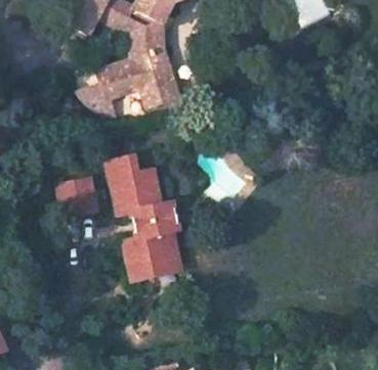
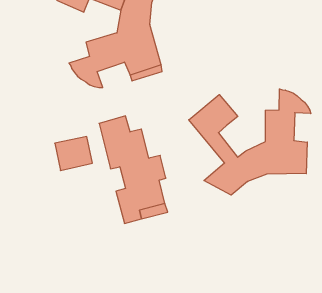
building: none -> [189,89,311,195]

